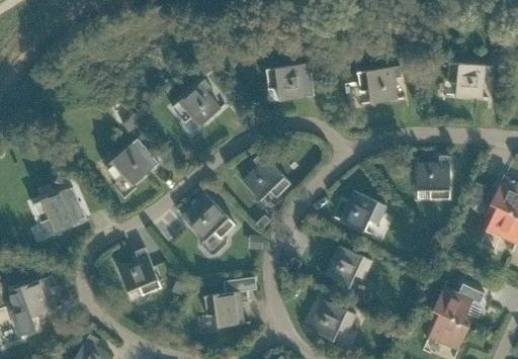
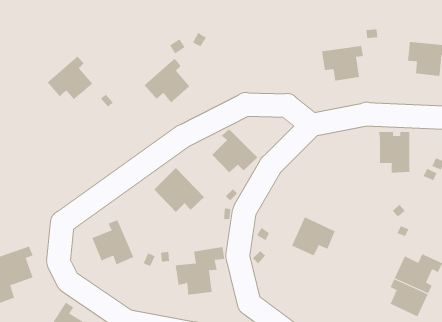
building: [266,65,315,101] -> none
building: [105,140,154,186] -> [47,55,93,100]
building: [33,188,79,232] -> none
building: [340,191,386,233] -> none
building: [310,300,356,341] -> none

